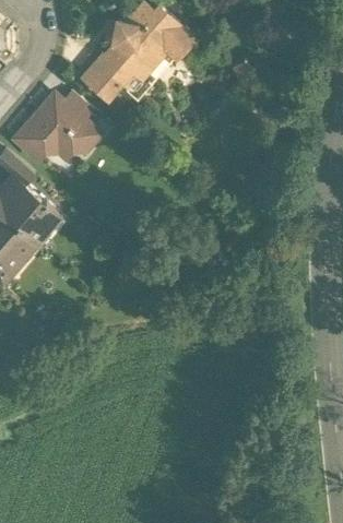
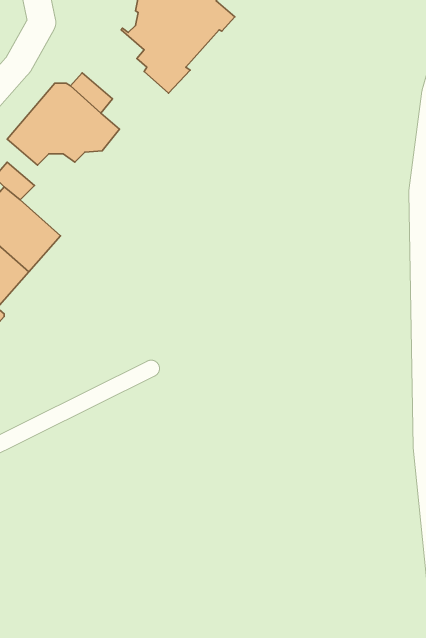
building: [81,57,119,100] -> none

